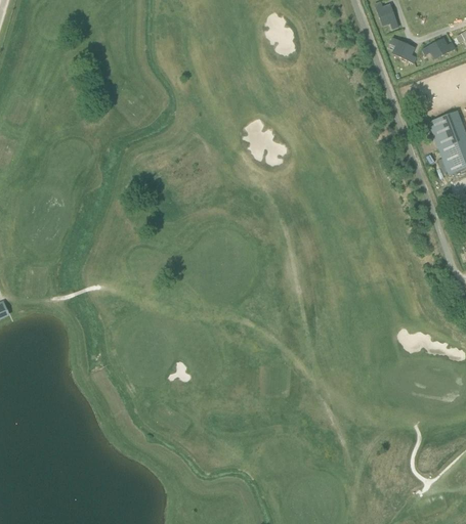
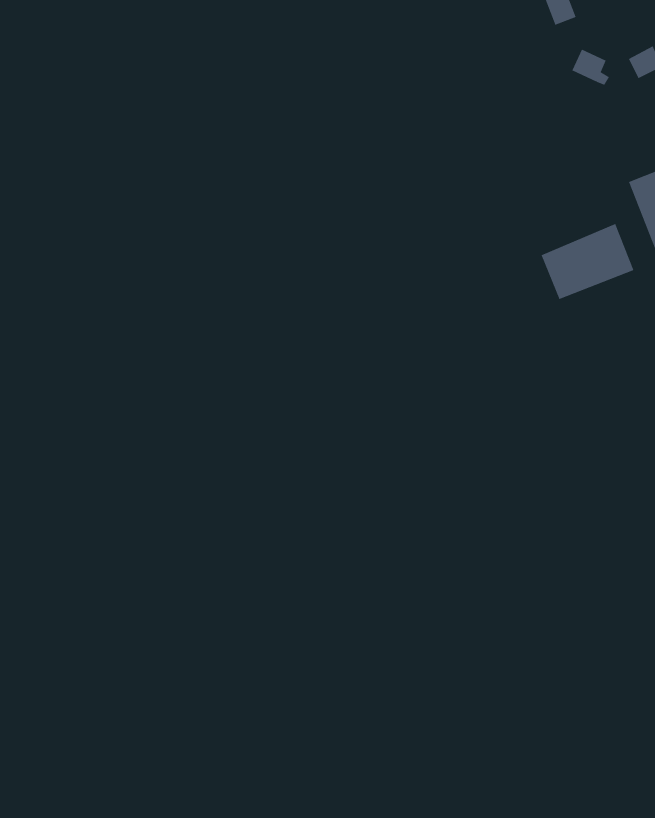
building: none -> [541,223,634,300]

